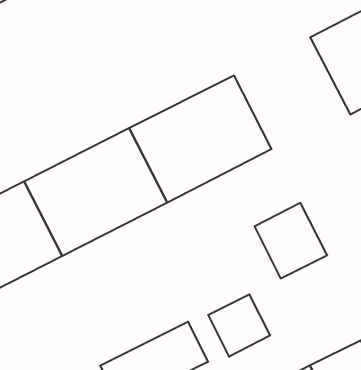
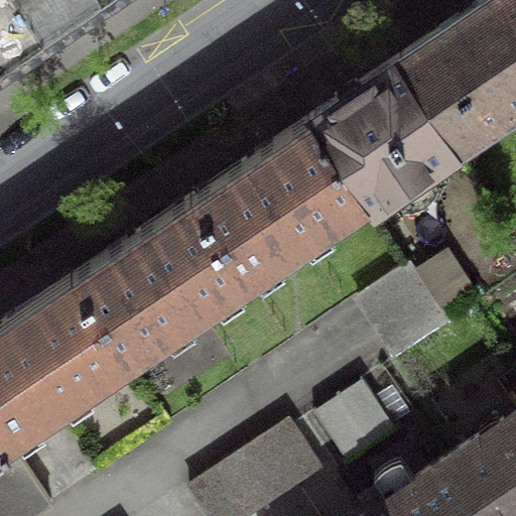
building: none -> [310,64,458,211]

